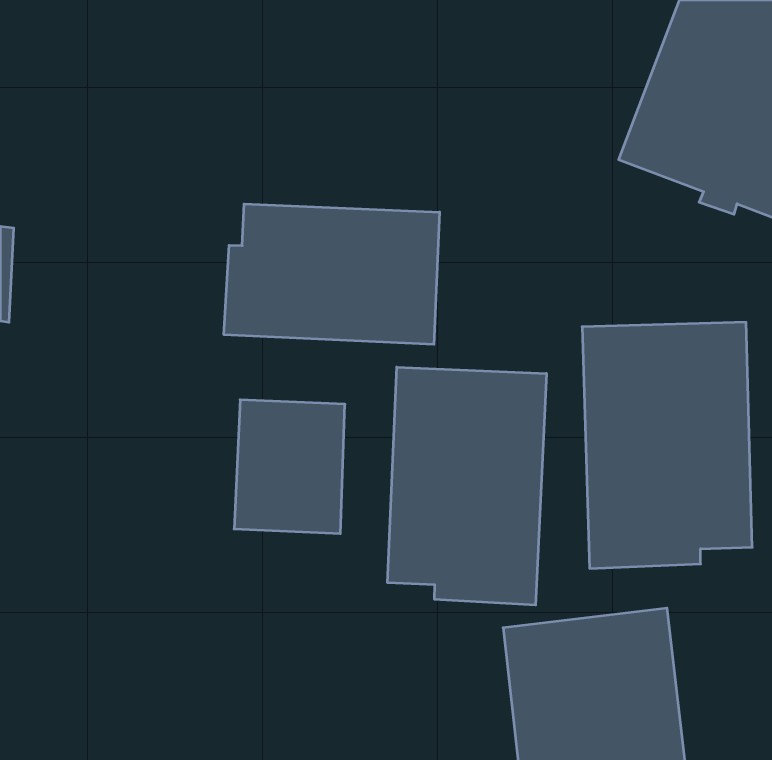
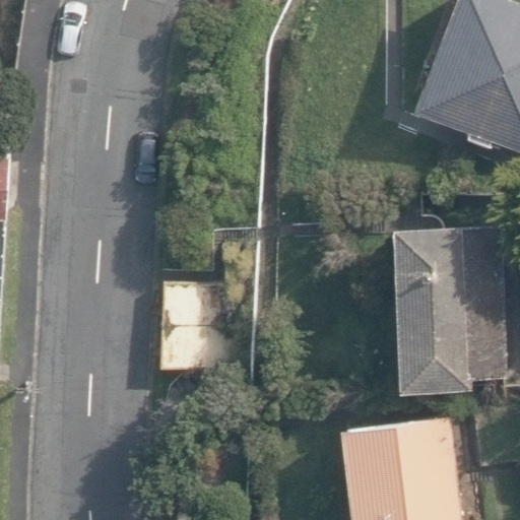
building: [224,204,440,344] -> none
building: [388,367,546,605] -> none

